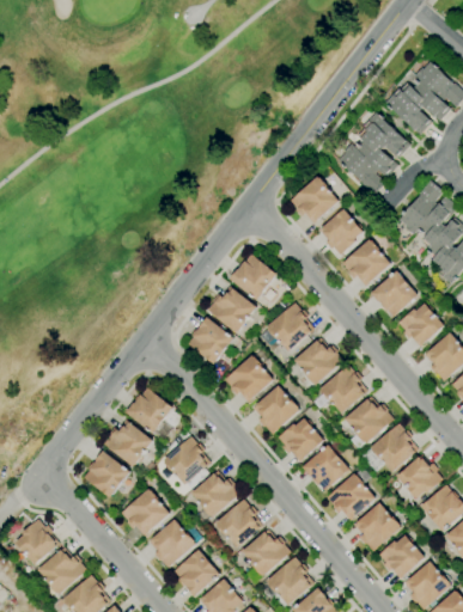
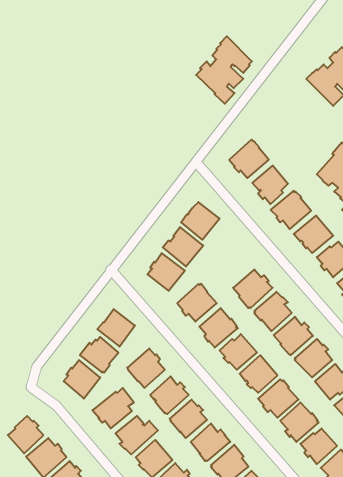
building: [337,112,407,196] -> [196,36,252,104]
building: [268,304,313,351] -> none

